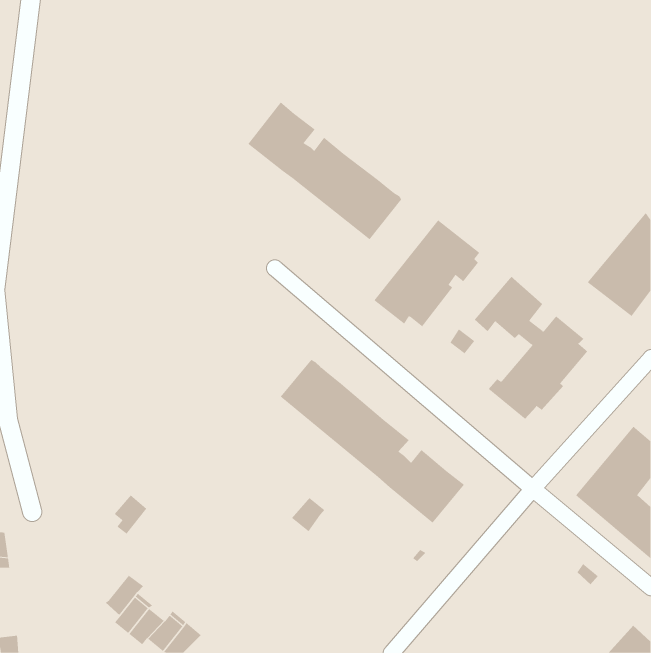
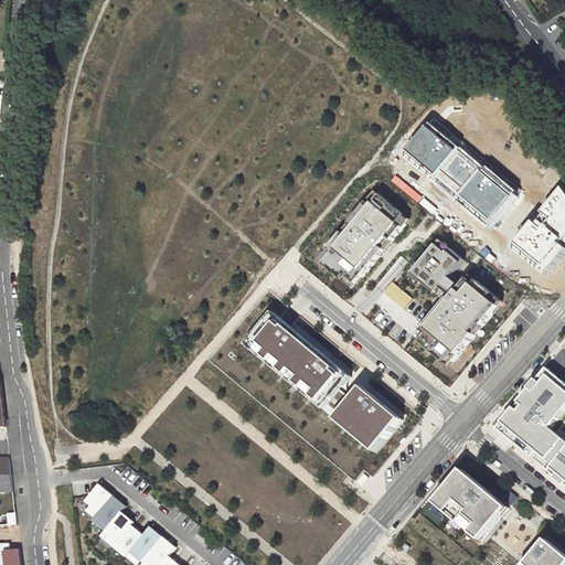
building: [247,102,402,240] -> none
building: none -> [395,118,510,223]
building: [114,495,147,534] -> [82,482,110,516]
building: [291,497,325,532] -> none
building: none -> [433,468,505,539]

